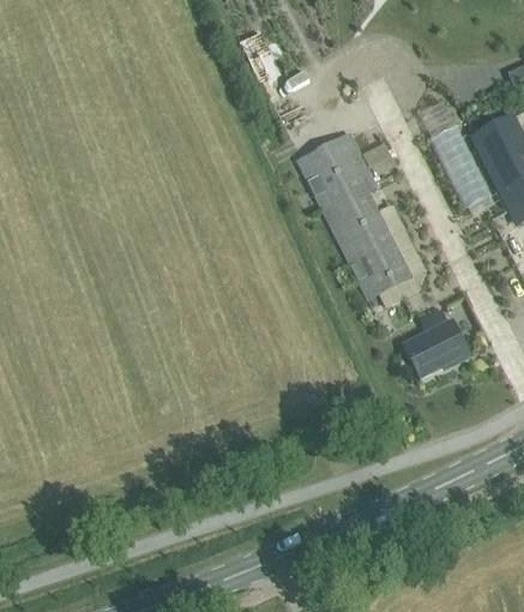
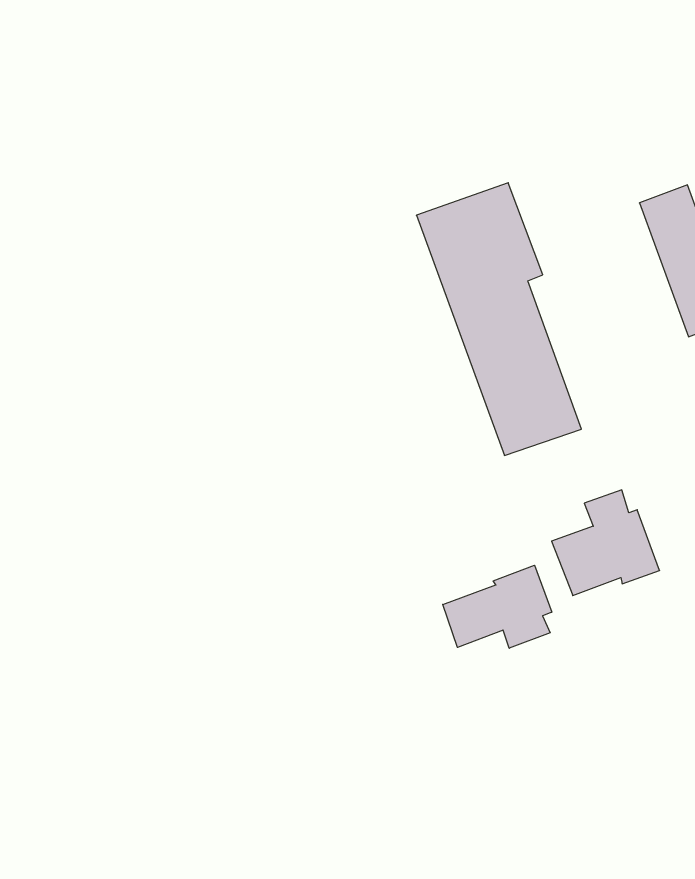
building: none -> [443,565,552,648]

